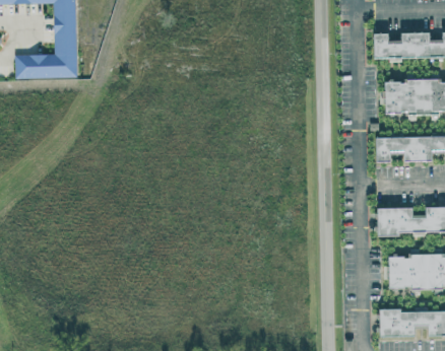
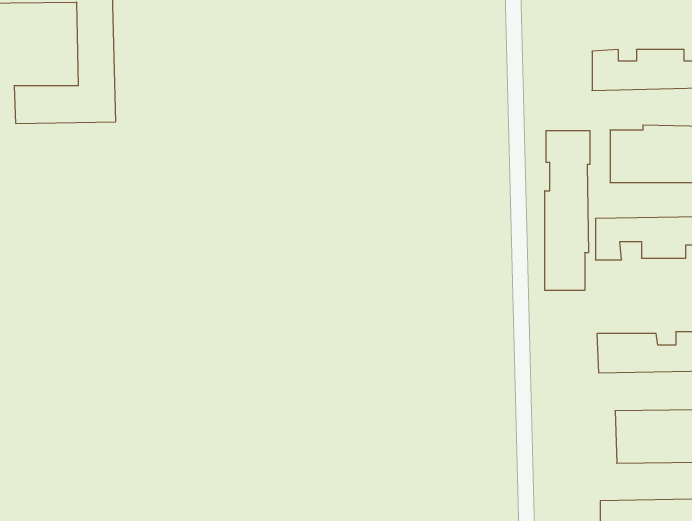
building: none -> [545,131,590,290]

